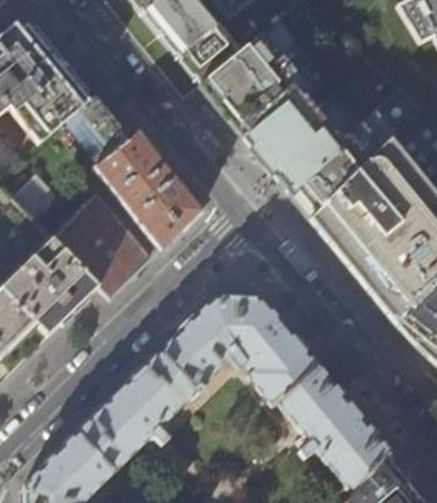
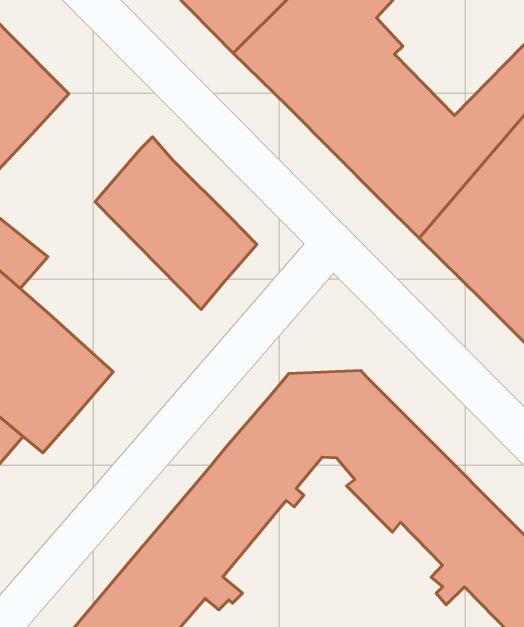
building: [64,93,132,168] -> none
building: [62,200,148,297] -> none

